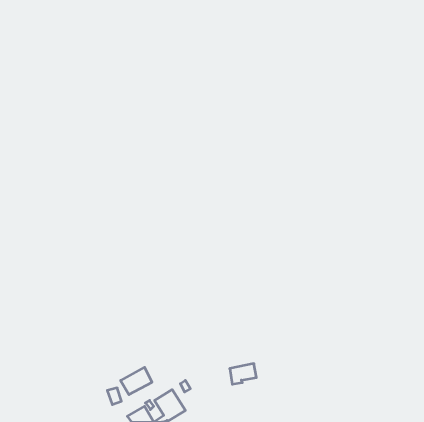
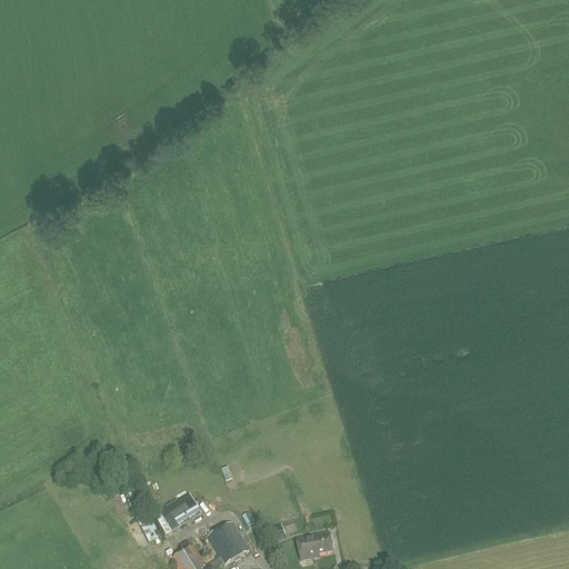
building: [230,364,256,384] -> [297,531,332,559]

